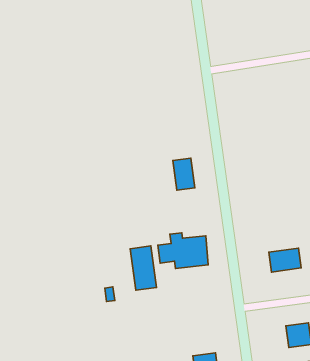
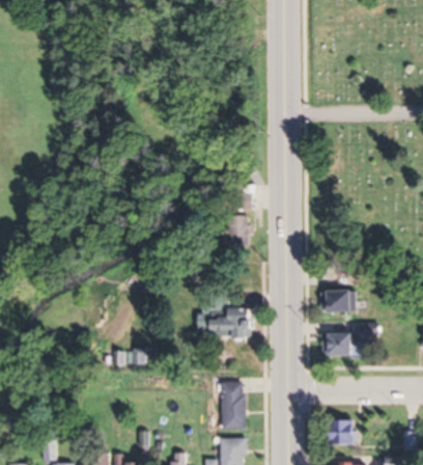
building: none -> [321,291,355,311]
building: [130,246,156,290] -> [222,382,246,430]

